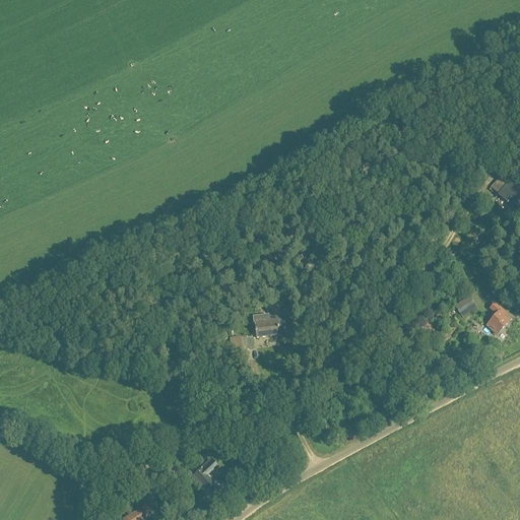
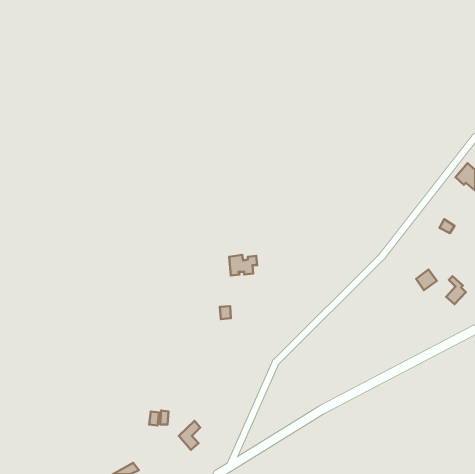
building: [253,313,283,335] -> [229,255,257,275]

